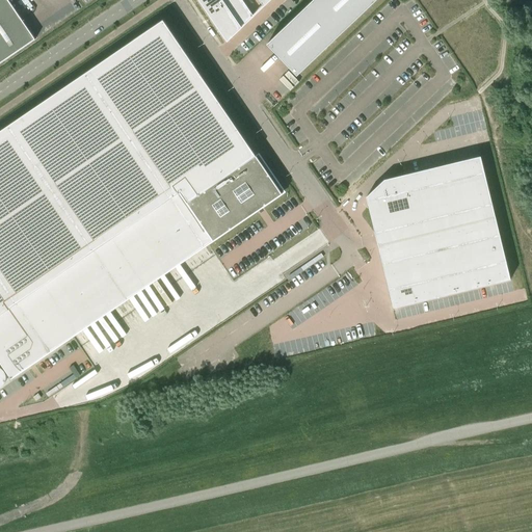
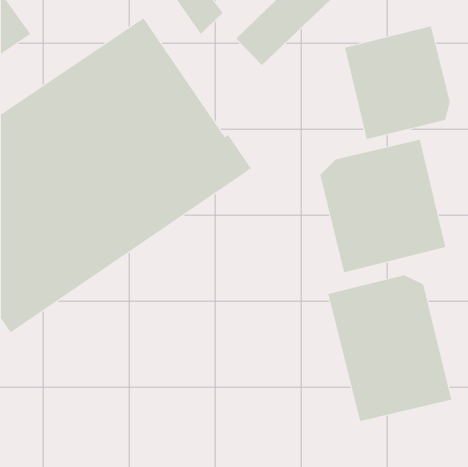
building: none -> [345,26,450,140]
building: none -> [328,274,452,422]

